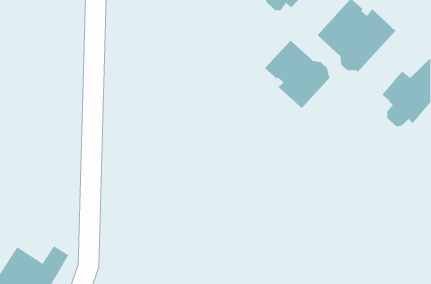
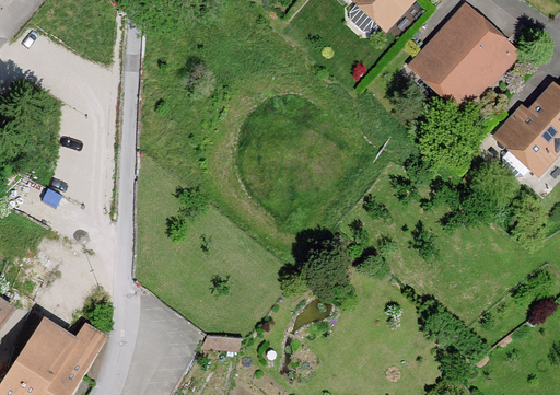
building: [264,40,331,109] -> none

